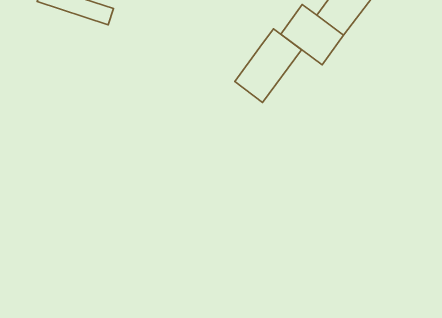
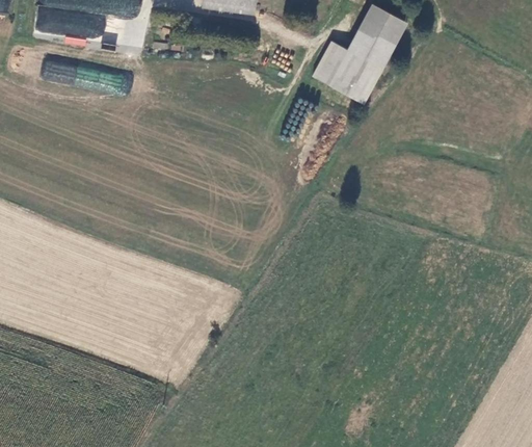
building: [235,29,302,103] -> none

